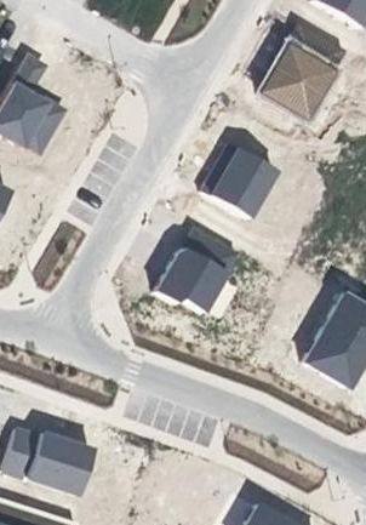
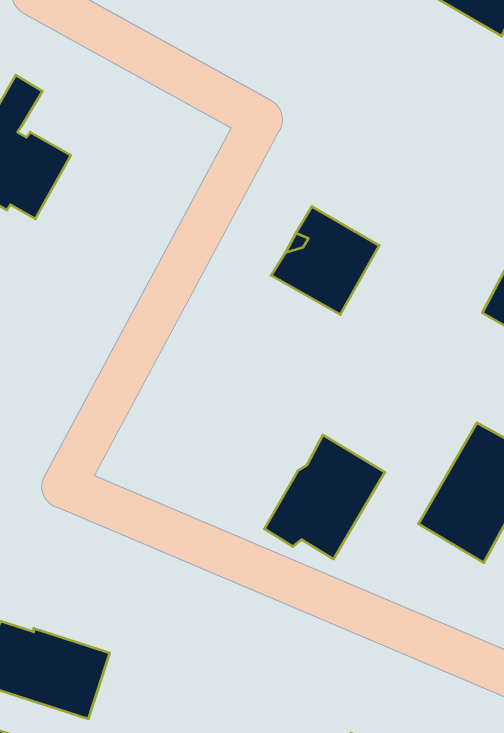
building: [261,22,349,120] -> none
building: [156,227,239,312] -> [264,435,385,559]

